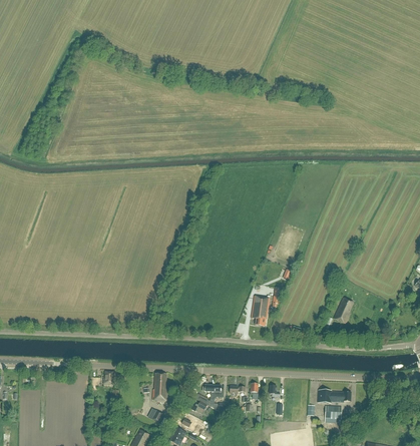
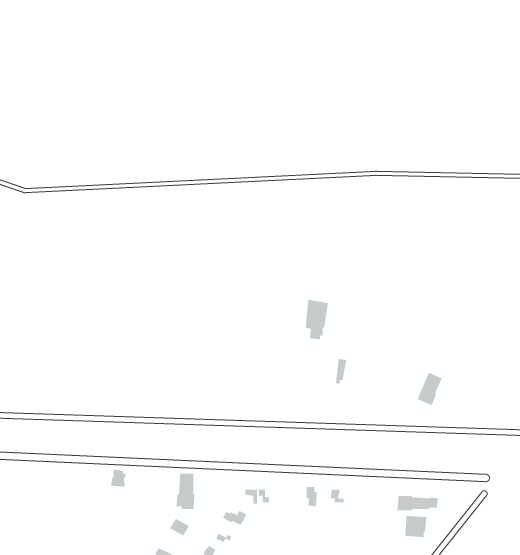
building: [251,296,269,327] -> [305,299,329,340]

